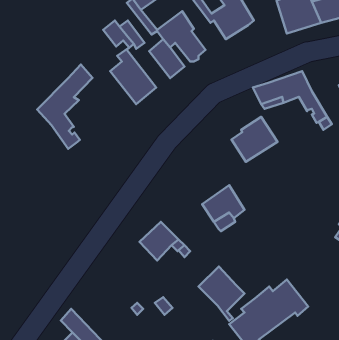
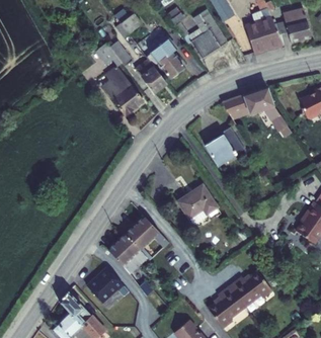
building: [37,64,92,149] -> none
building: [199,267,245,321] -> [109,234,149,280]
building: none -> [87,267,124,303]

